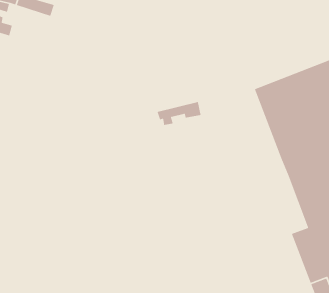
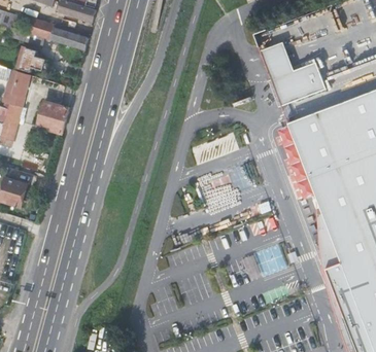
building: none -> [261,39,327,103]
building: none -> [38,101,69,133]

